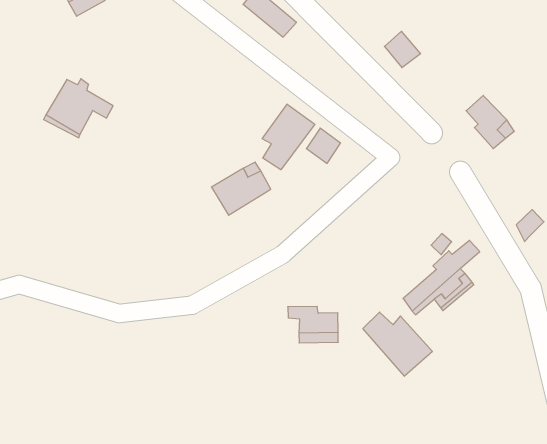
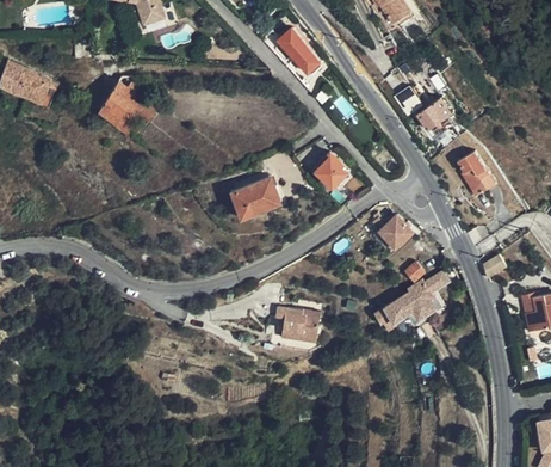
building: none -> [416,97,452,131]
building: [262,104,315,170] -> none
building: none -> [373,214,415,247]
building: [363,312,432,376] -> none

